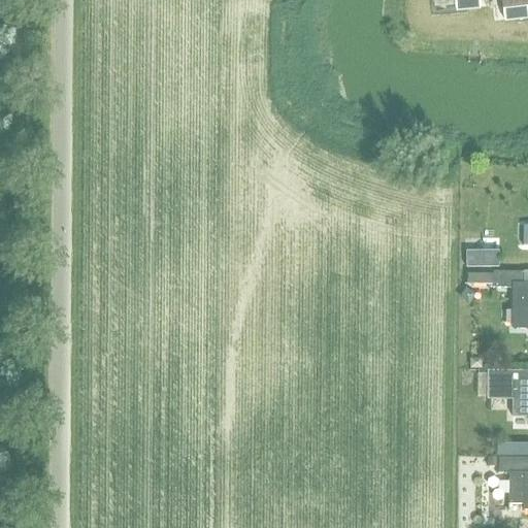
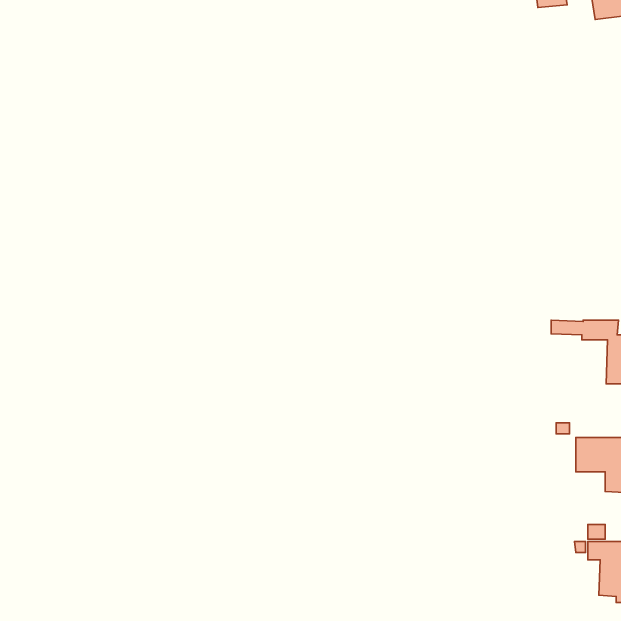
building: [468,249,501,265] -> none

